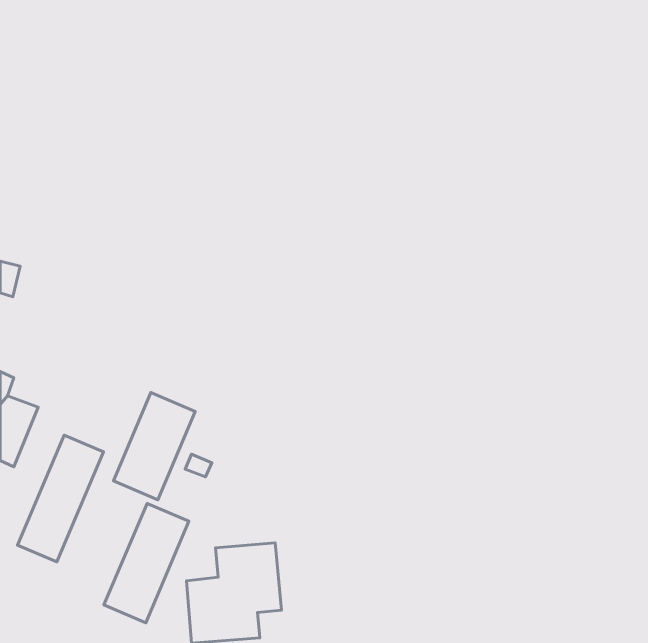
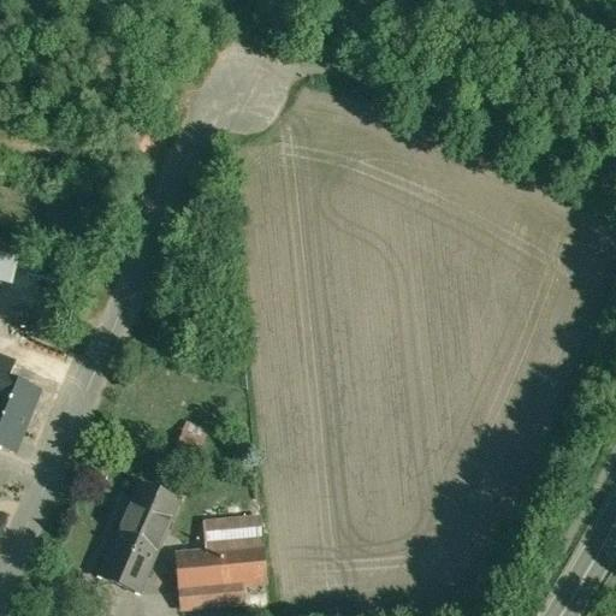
building: [113,393,195,500] -> none
building: [17,435,104,562] -> none

